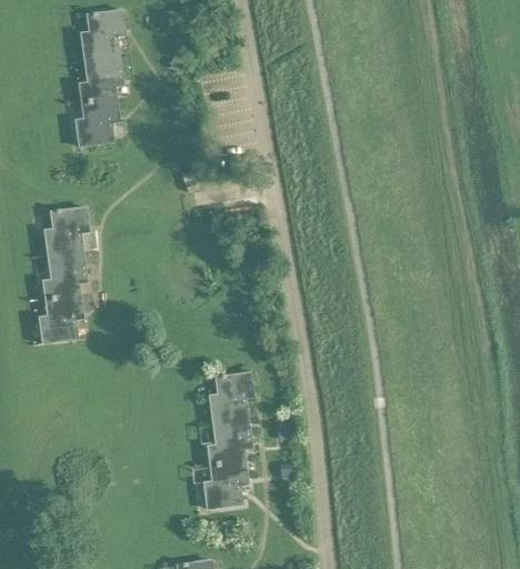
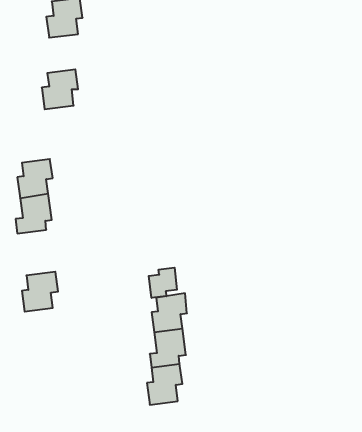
building: [79,53,122,101] -> none
building: [39,293,83,342] -> [22,272,58,312]
building: none -> [149,268,177,298]

